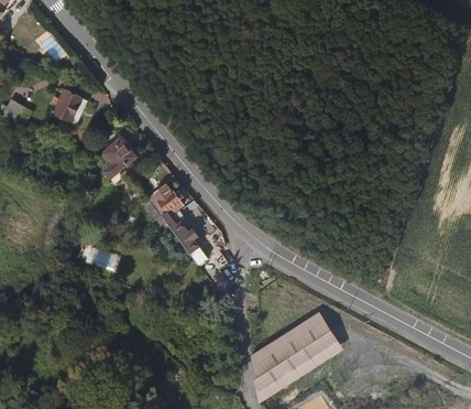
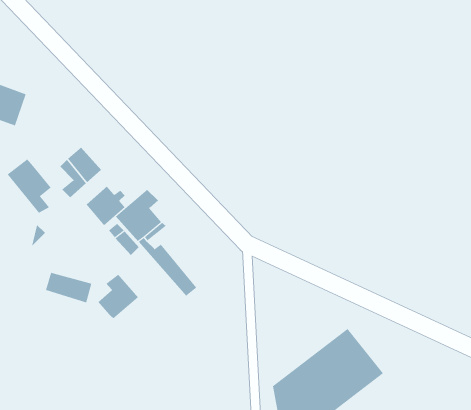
building: none -> [7,159,52,214]
building: none -> [86,186,126,226]
building: none -> [98,274,139,319]

